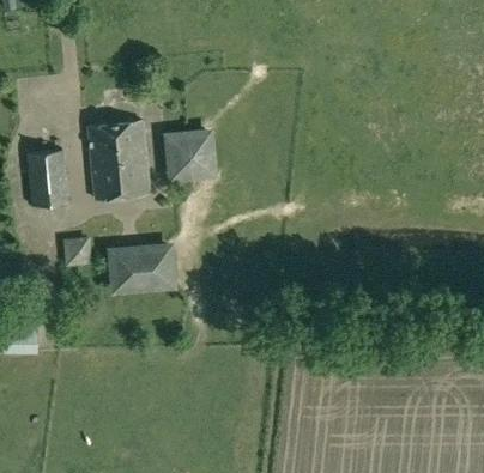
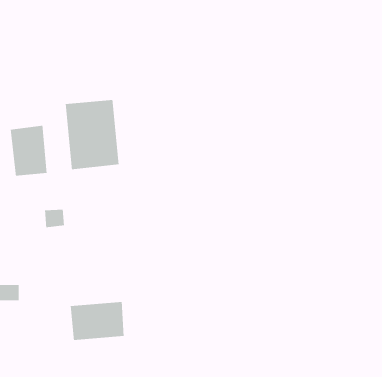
building: [168,135,212,180] -> none
building: [110,249,171,293] -> [70,301,125,341]

